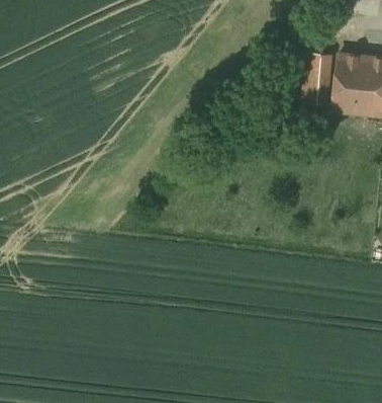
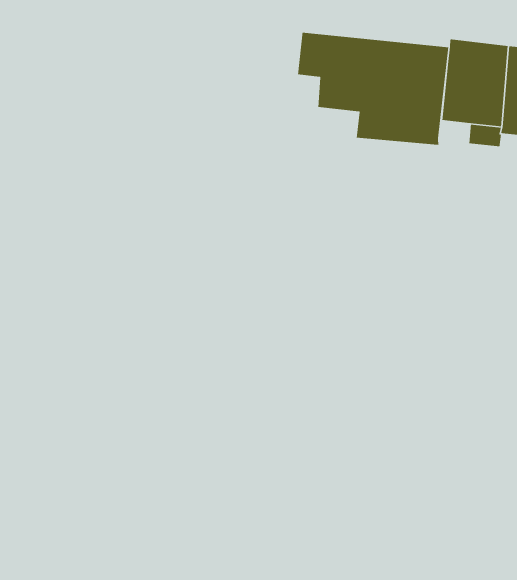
building: none -> [297,32,449,146]

